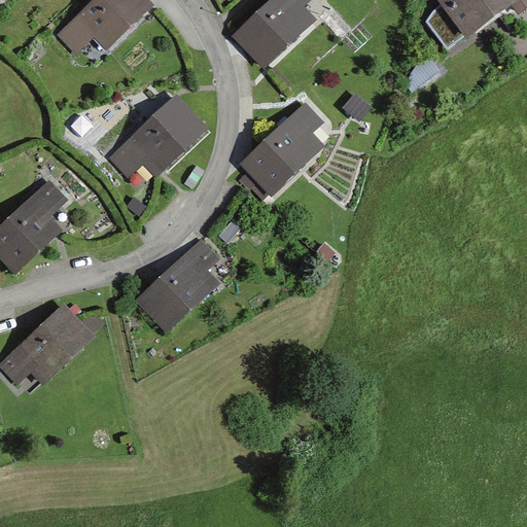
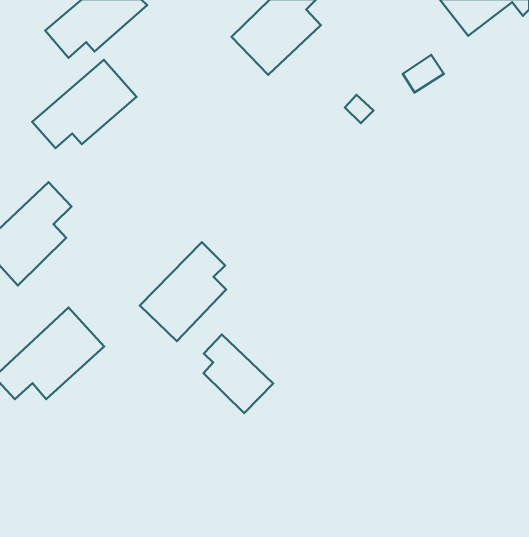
building: [108,94,210,180] -> [32,60,136,148]
building: [239,99,327,198] -> none
building: none -> [203,334,273,413]

